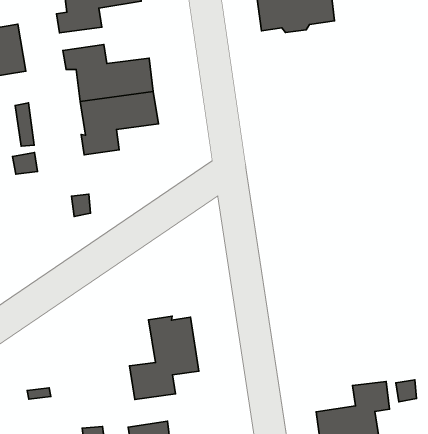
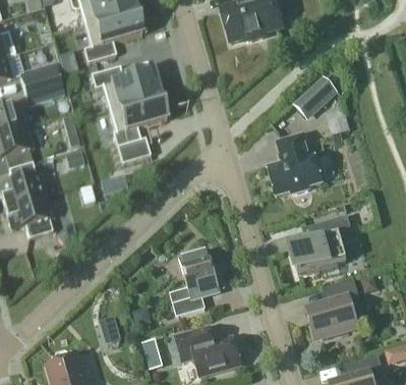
building: none -> [293,76,338,119]
building: none -> [117,139,151,163]
building: none -> [267,132,323,195]
building: none -> [291,215,355,274]

